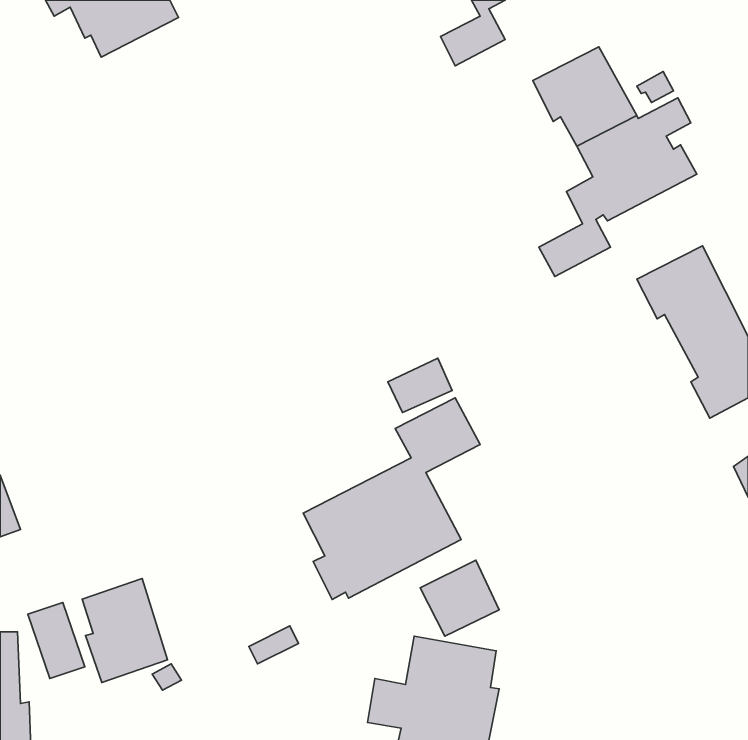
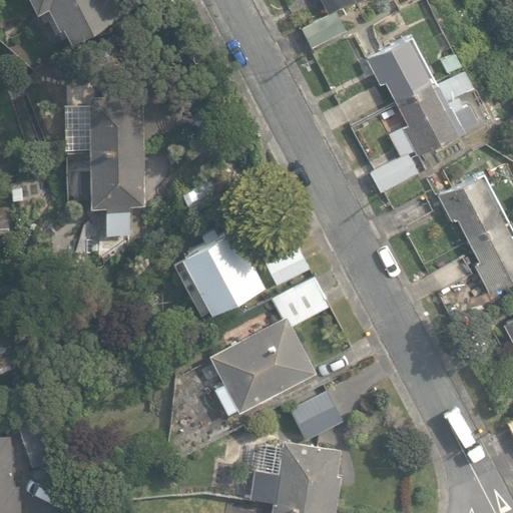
building: none -> [89,91,144,240]
building: none -> [181,230,264,317]
building: [82,579,168,682] -> none

